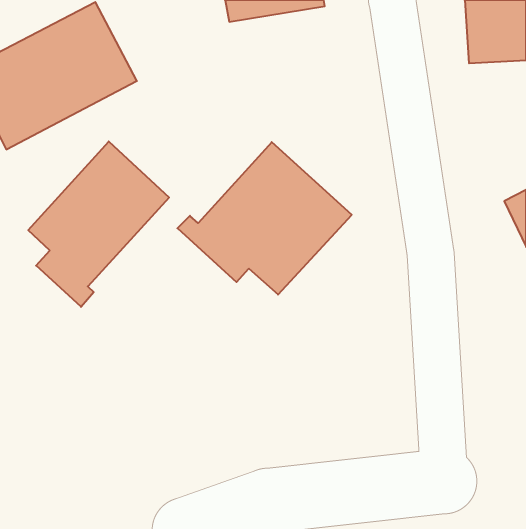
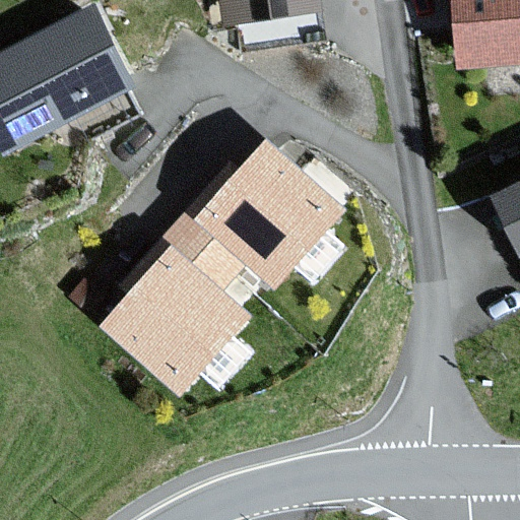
building: [28,141,169,307] -> none
building: none -> [101,224,248,394]

